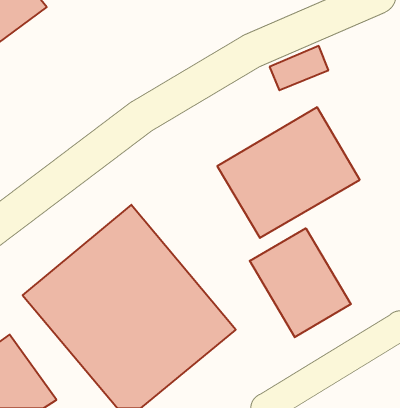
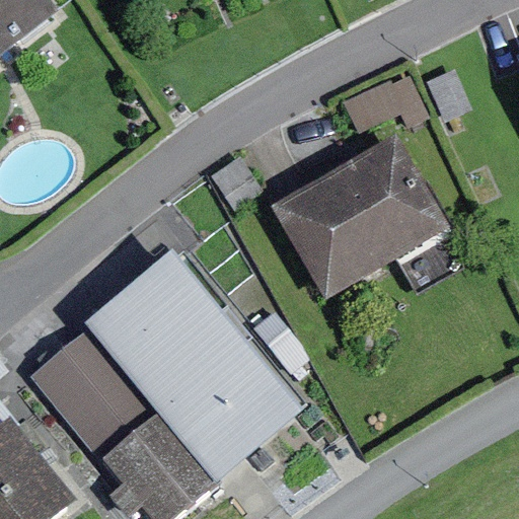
building: [250,228,351,337] -> none

